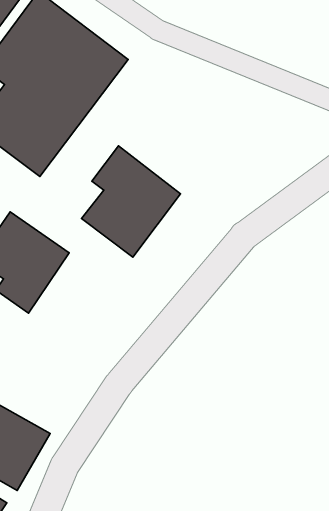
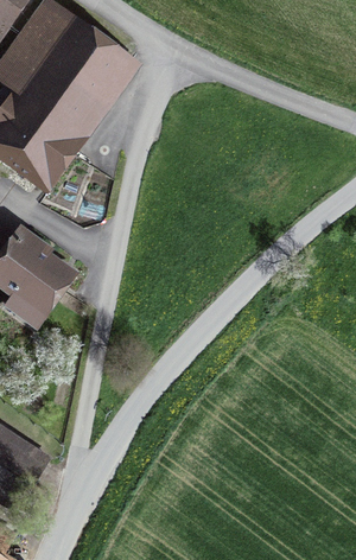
building: [82,146,181,257] -> none

